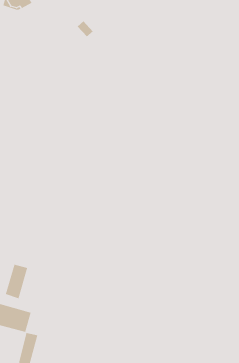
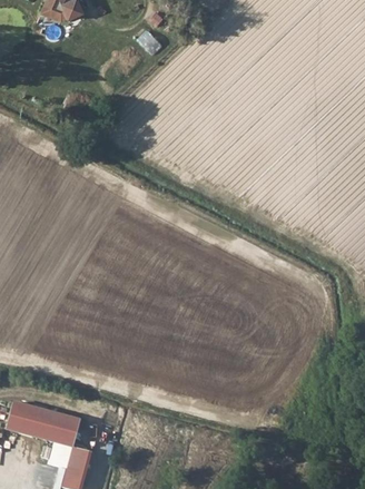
building: [5,264,28,299] -> none

